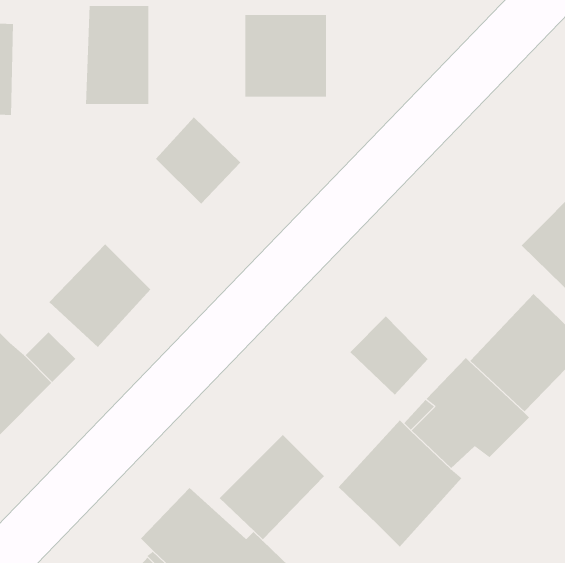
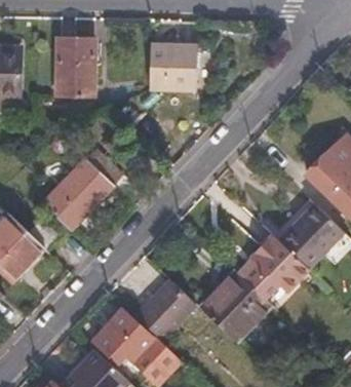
building: [155,117,241,205] -> [73,149,121,198]
building: [350,316,428,395] -> none

